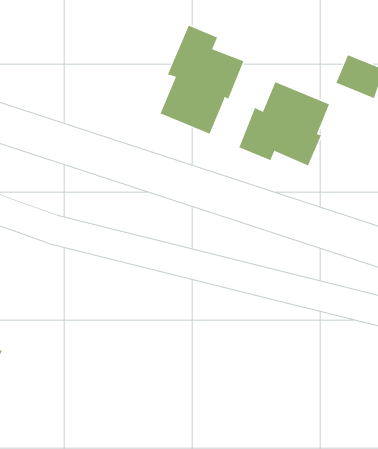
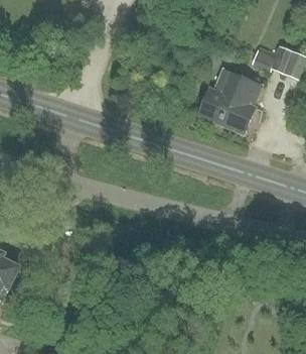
building: [160,25,244,134] -> none

